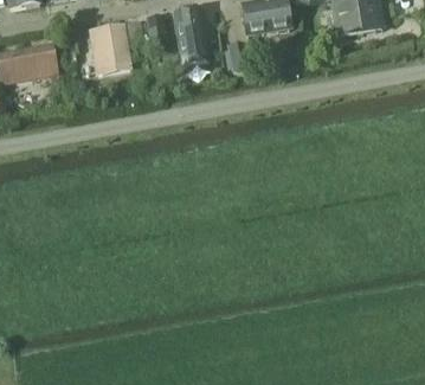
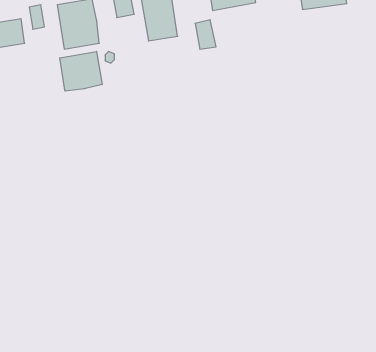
building: none -> [60,51,102,91]

